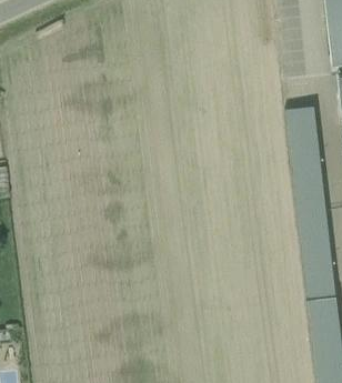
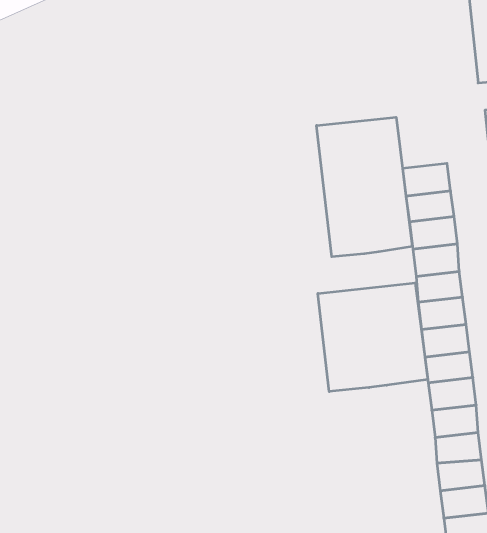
building: none -> [317,117,412,257]
building: none -> [318,283,428,392]

